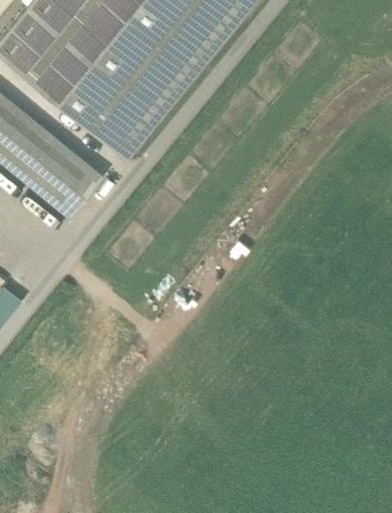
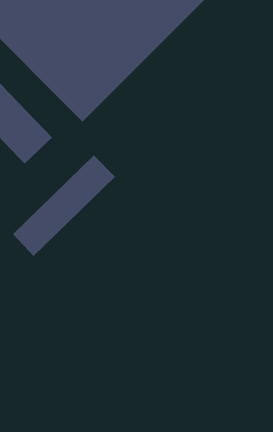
building: none -> [12,154,116,257]

